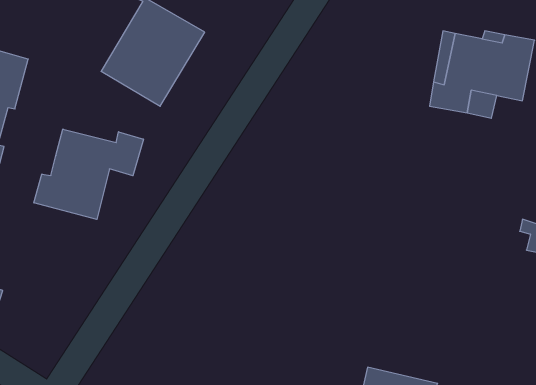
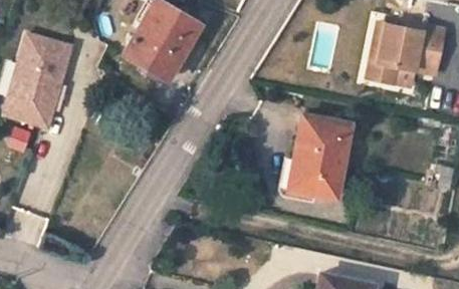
building: [34,129,143,219] -> none
building: none -> [288,116,352,200]

